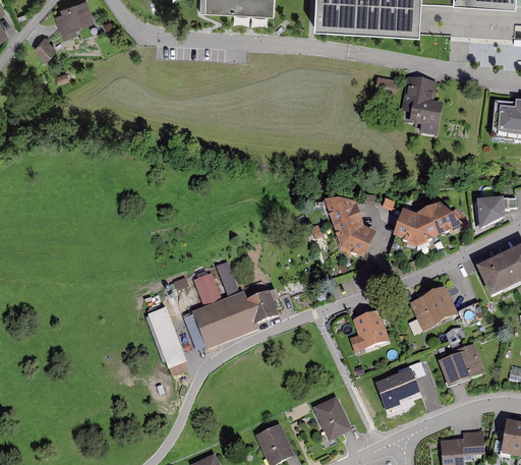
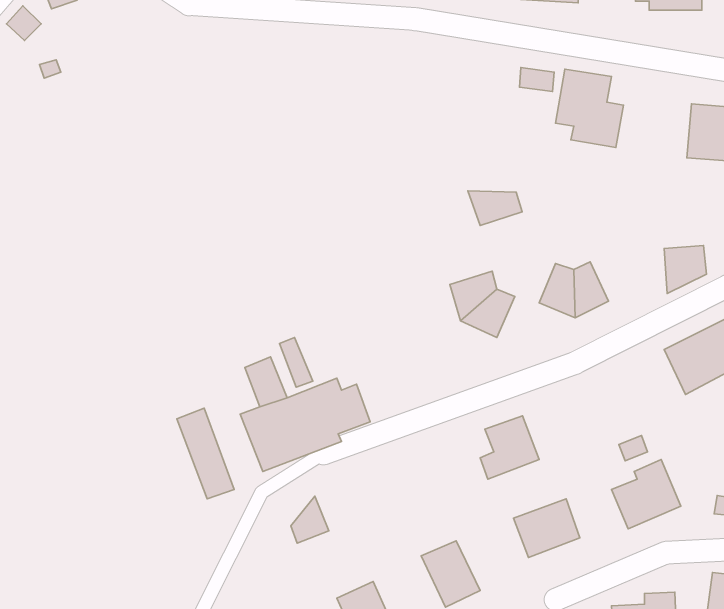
building: [324,200,360,224] -> [468,191,522,225]
building: [426,202,462,235] -> none
building: [409,286,458,331] -> none
building: none -> [291,496,329,543]

